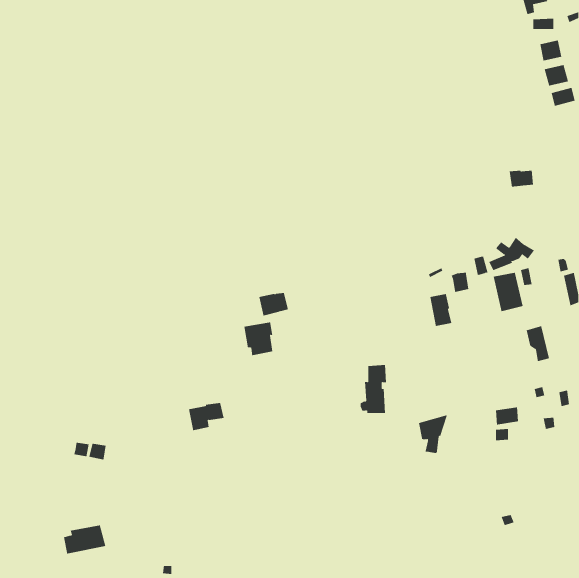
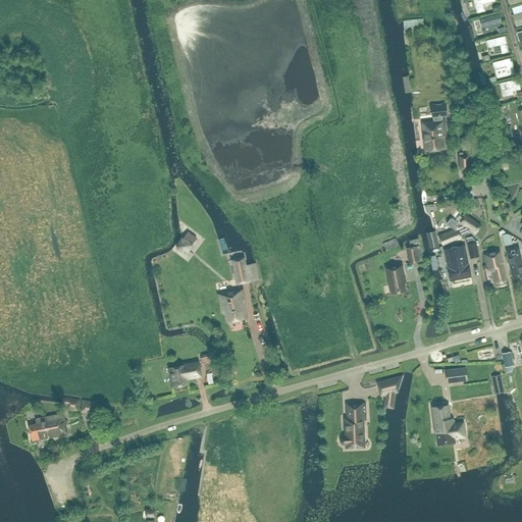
building: none -> [423,102,447,151]
building: [526,326,550,362] -> [485,250,507,282]
building: [360,365,387,413] -> [342,403,366,447]
building: none -> [433,405,465,445]
building: [63,525,106,554] -> [30,413,68,439]

